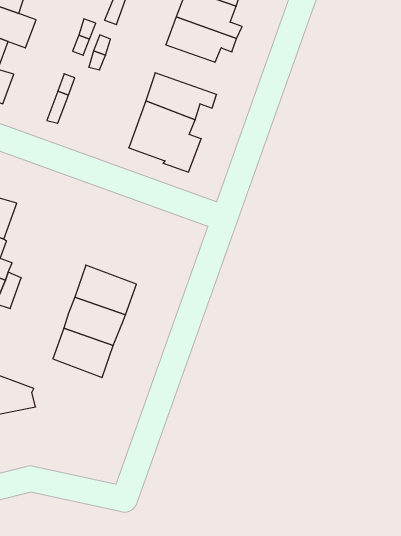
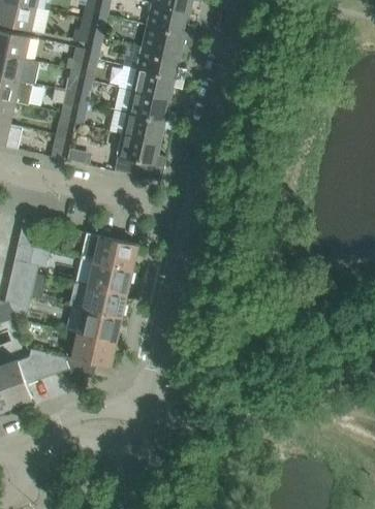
building: none -> [126,90,176,122]
building: none -> [80,232,137,269]
building: none -> [65,332,116,382]

